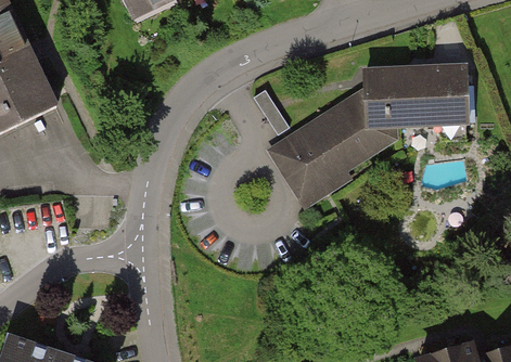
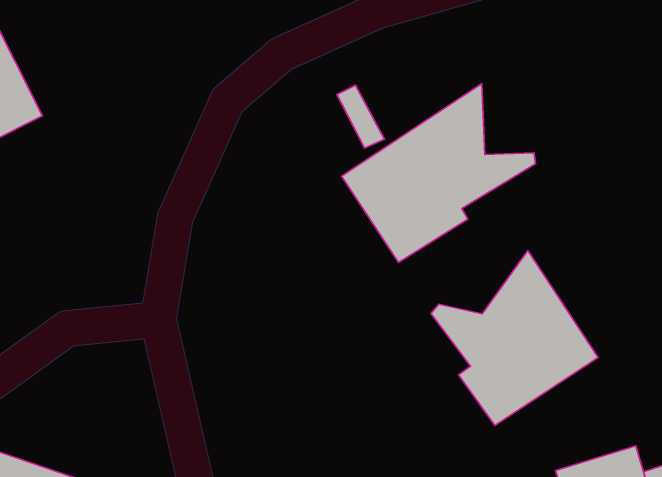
building: [363,64,471,132] -> none
building: none -> [431,250,598,425]

